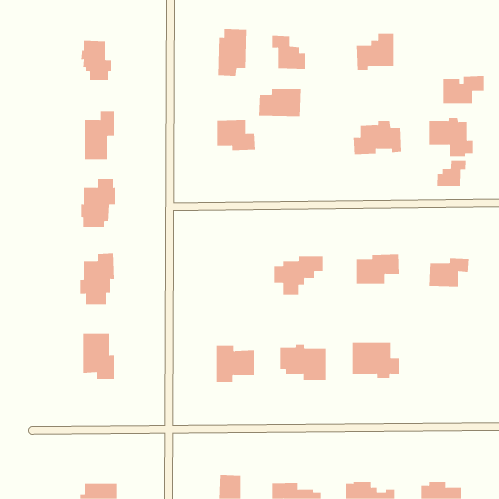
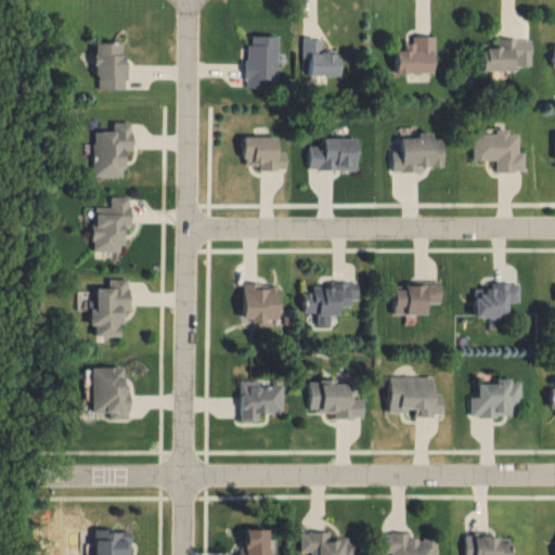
building: [442,75,485,104] -> [485,41,531,73]
building: [258,89,301,117] -> [309,140,357,171]
building: [437,160,466,187] -> none
building: none -> [241,283,279,323]
building: none -> [473,379,524,418]

